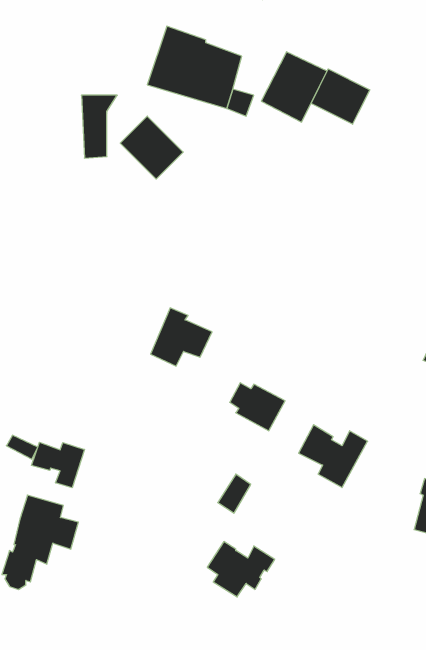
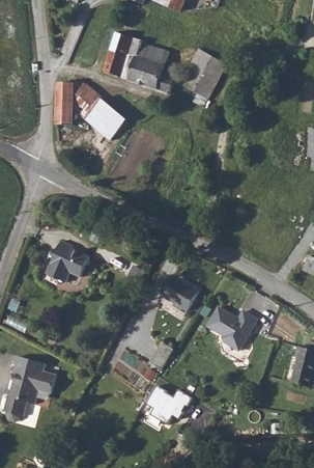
building: [311,69,370,124] -> none
building: none -> [75,80,103,107]
building: [151,308,212,366] -> [48,240,90,280]
building: [32,442,84,488] -> none

